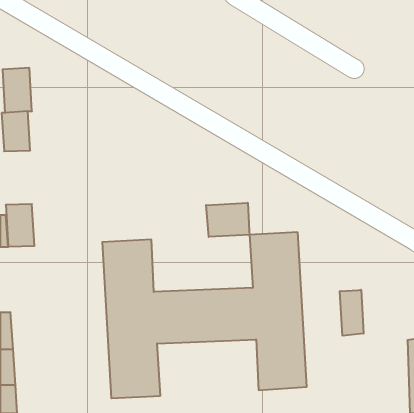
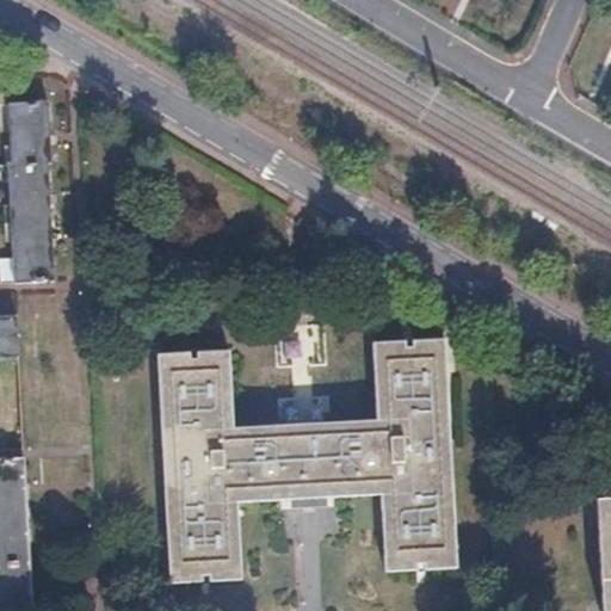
building: [206,203,250,237] -> none
building: [6,204,34,247] -> [12,220,54,282]
building: [340,290,364,336] -> none

